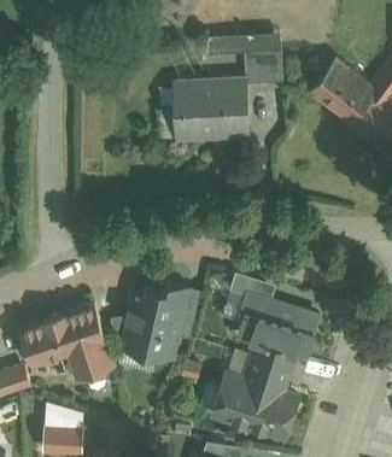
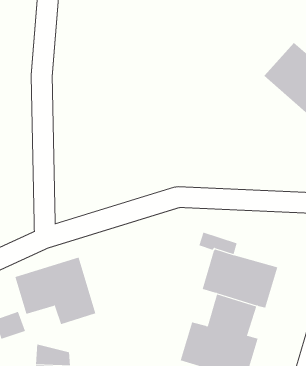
building: [210,34,282,84] -> none
building: [158,74,248,141] -> none
building: [117,280,191,362] -> none

